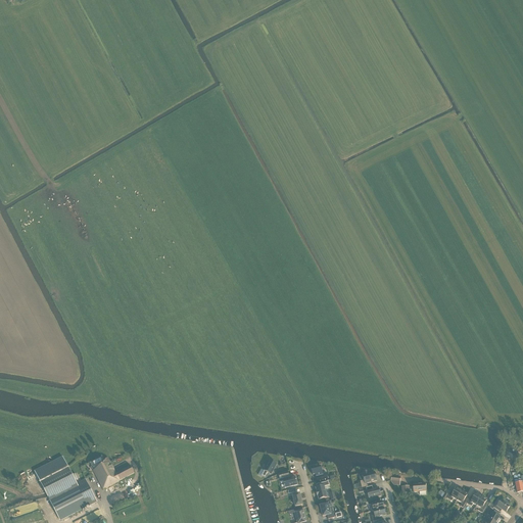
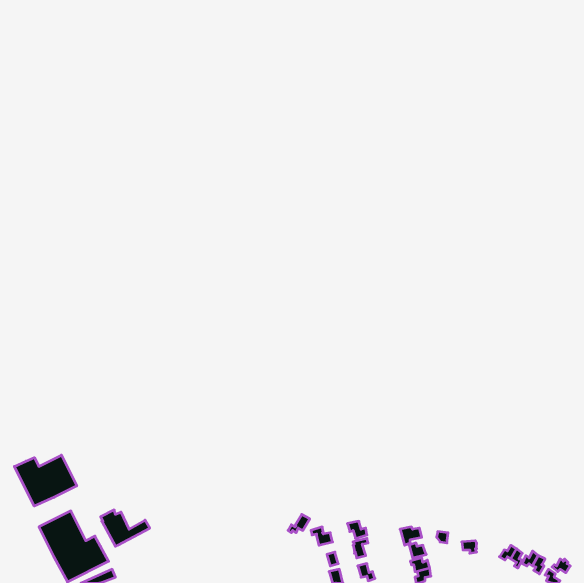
building: none -> [14,455,77,506]

